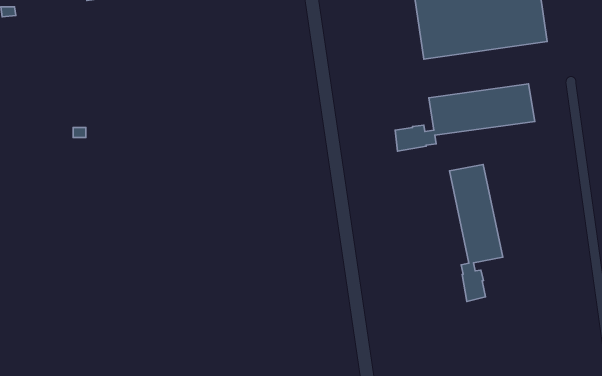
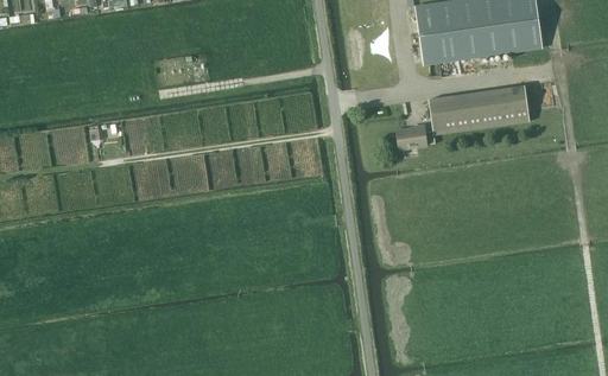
building: [450,165,503,301] -> none

